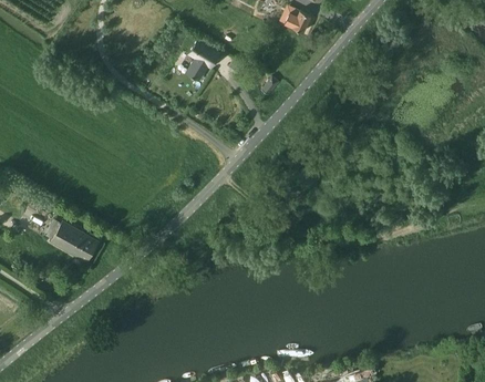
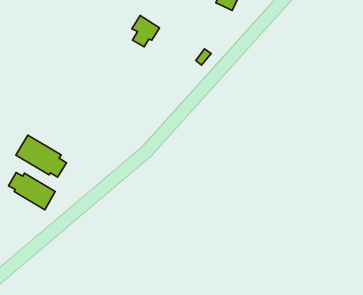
building: none -> [16,135,66,177]

